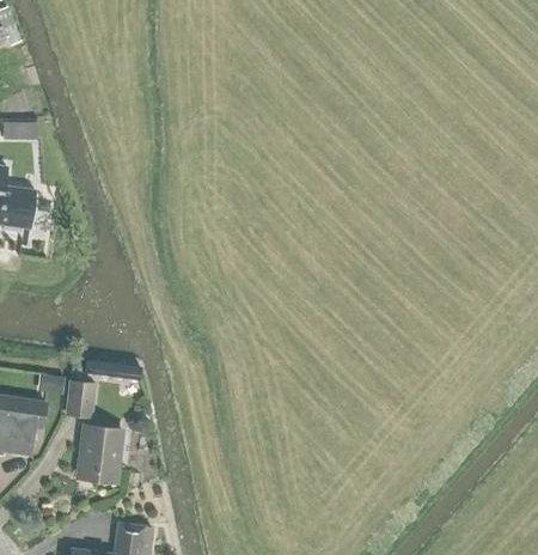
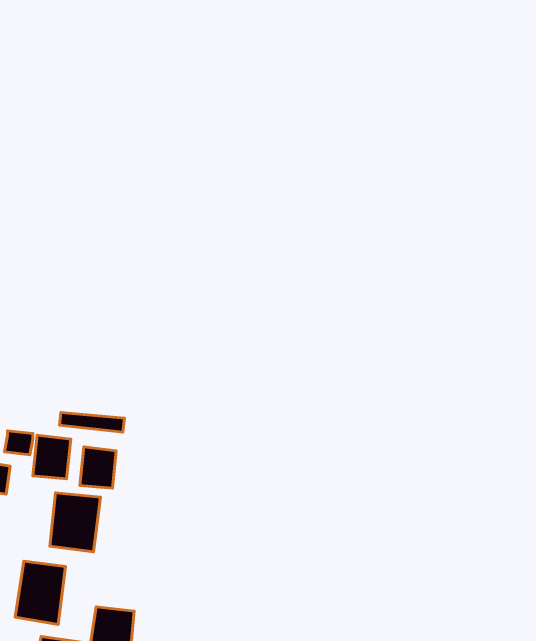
building: none -> [80,447,116,488]
building: none -> [15,561,66,624]

